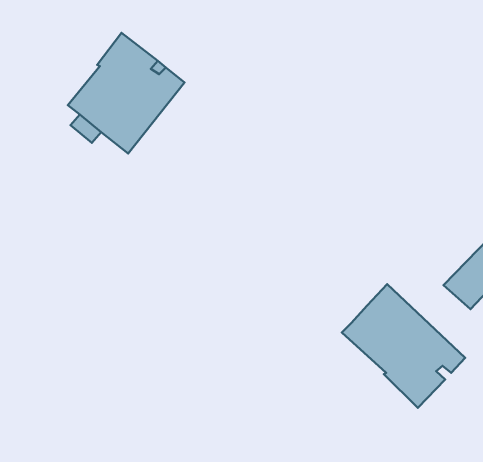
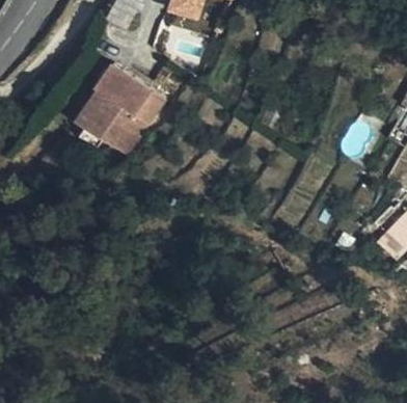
building: [342,284,465,408] -> none

